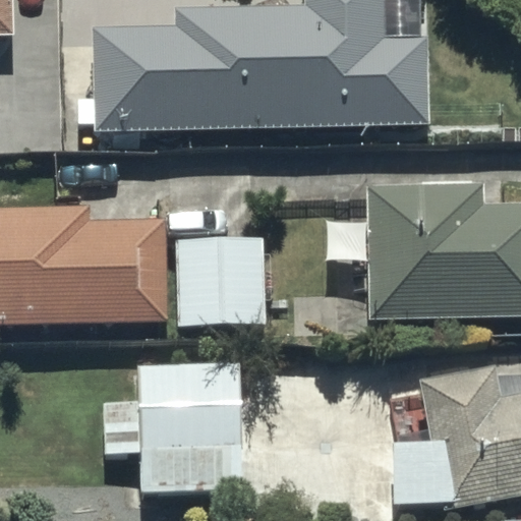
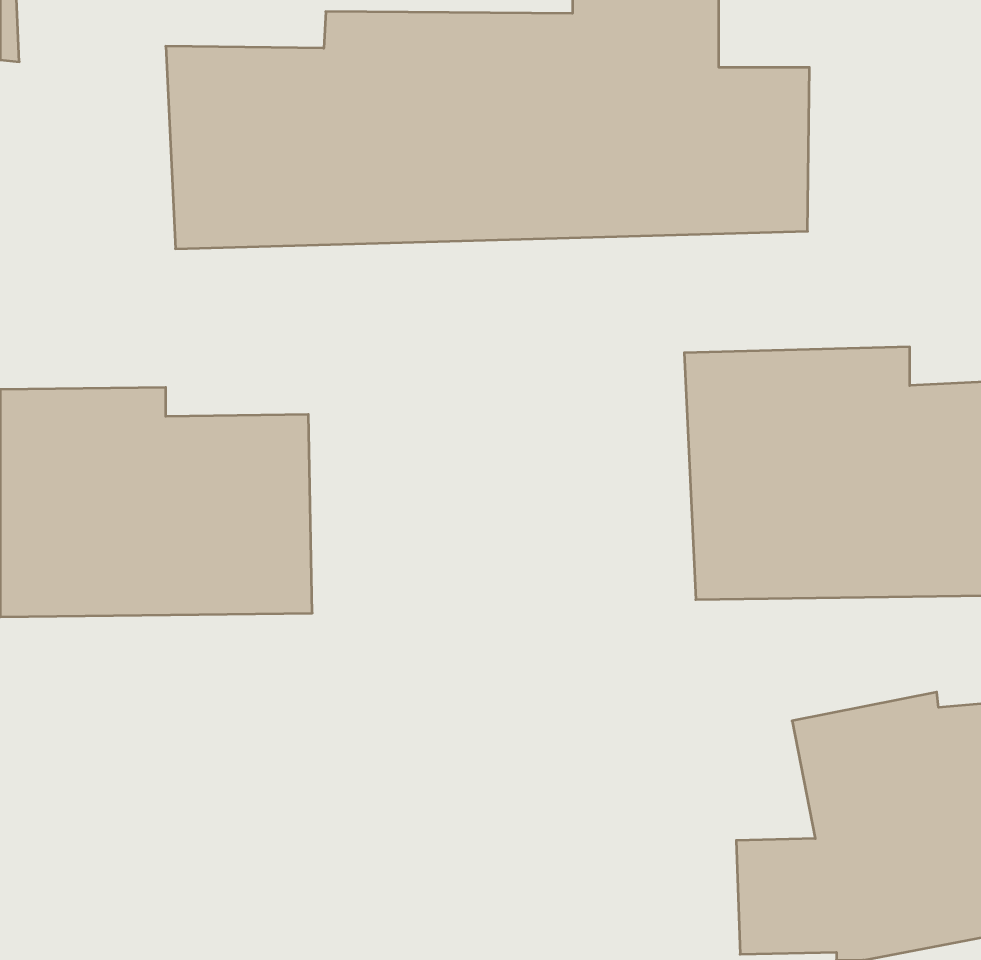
building: [176,232,268,325] -> none
building: [102,366,241,493] -> none

